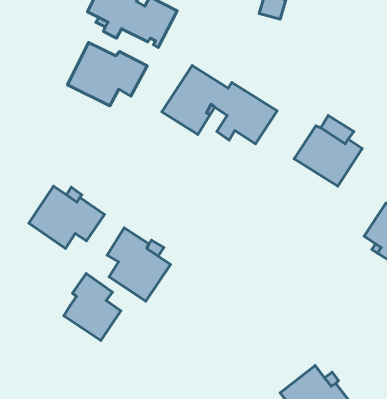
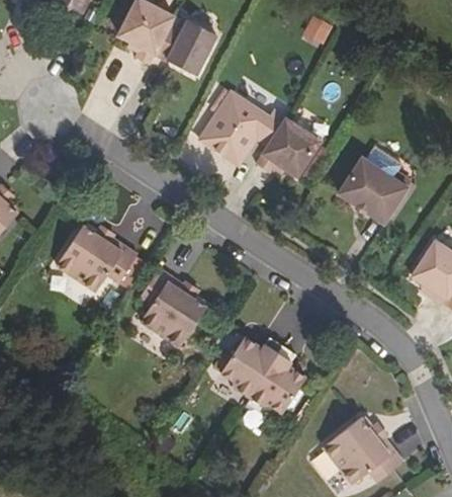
building: [68,43,147,106] -> none
building: [64,273,121,341] -> none
building: none -> [218,336,304,414]

